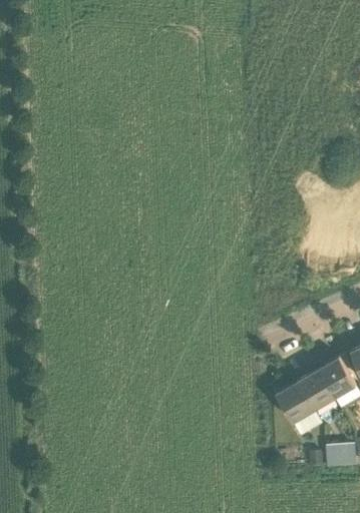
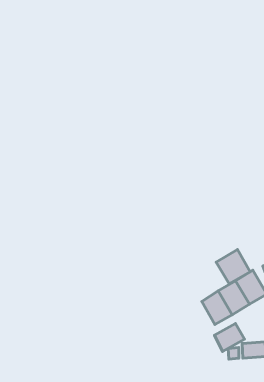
building: none -> [216,249,250,284]
building: none -> [215,323,244,351]

